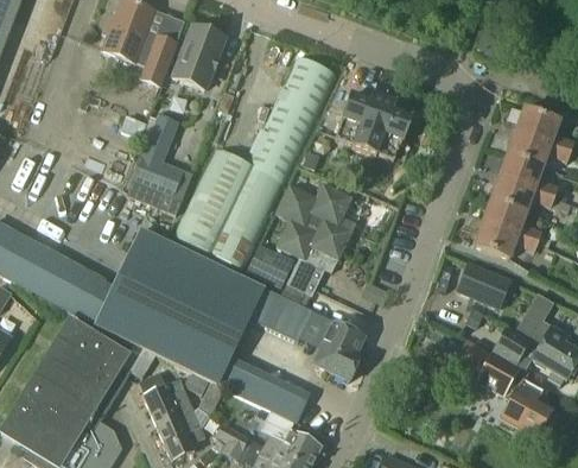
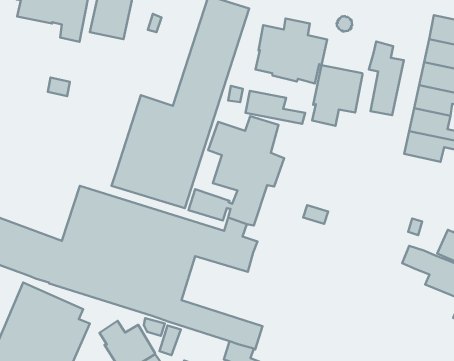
building: [127,112,193,213] -> none
building: none -> [369,42,404,115]
building: none -> [312,65,362,126]
building: none -> [246,91,305,124]
building: [456,261,508,305] -> none
building: [306,311,364,380] -> none

